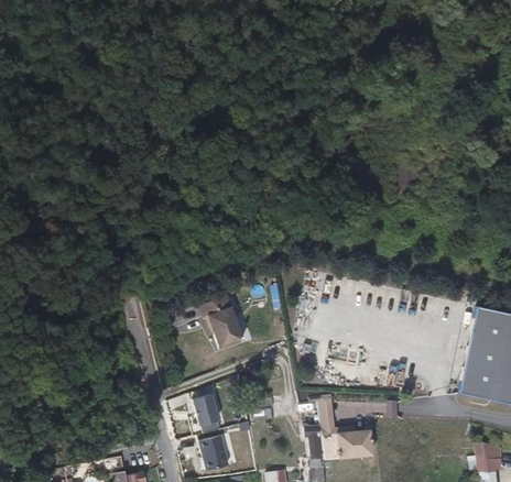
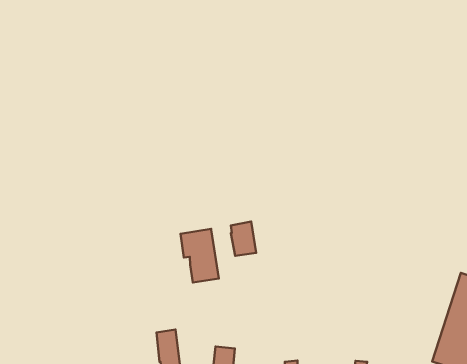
building: none -> [231,222,256,256]

